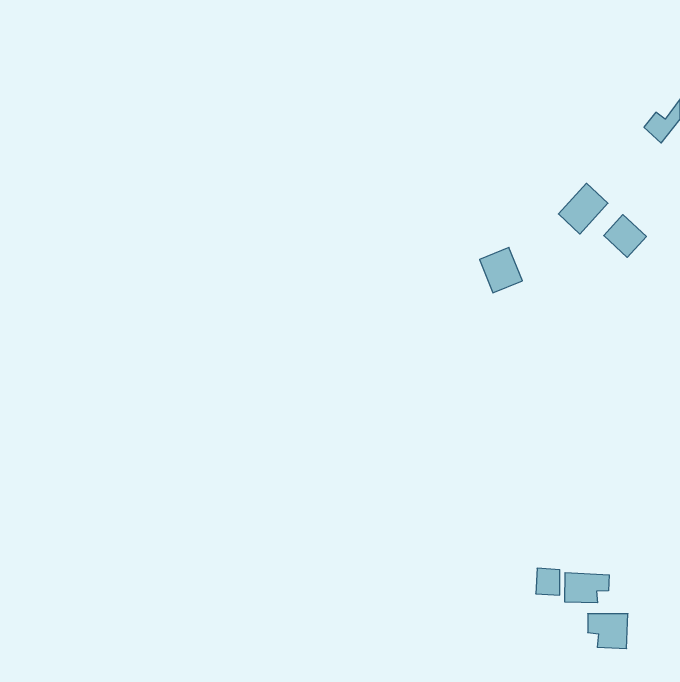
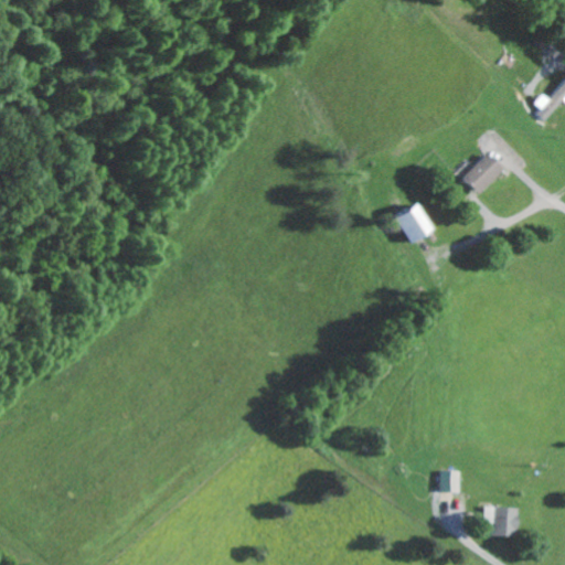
building: [604,215,646,257] -> none
building: [565,573,609,603] -> none

